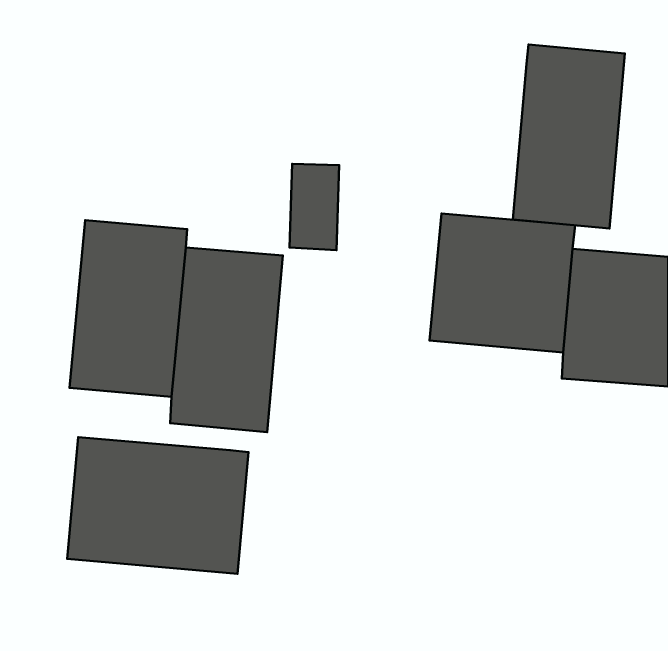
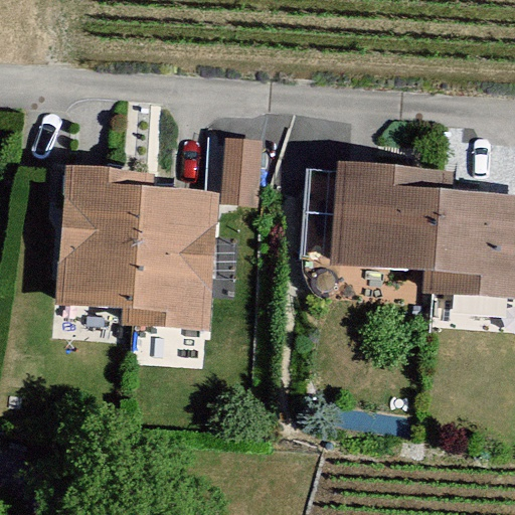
building: [513,45,625,228] -> none
building: [67,437,249,574] -> none

